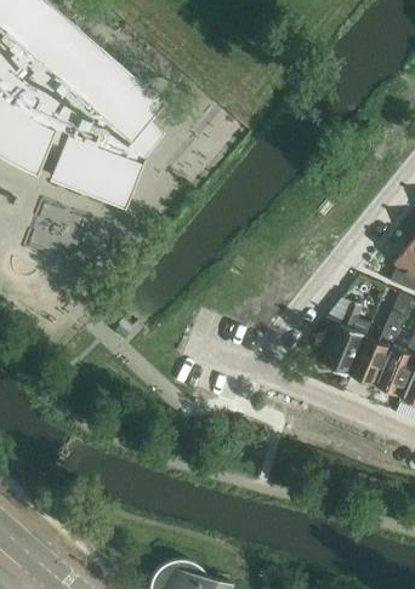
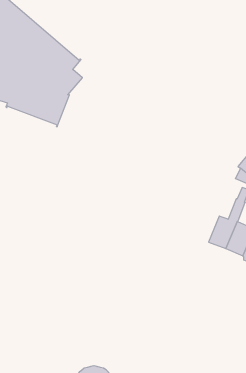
building: [325,297,371,376] -> none

